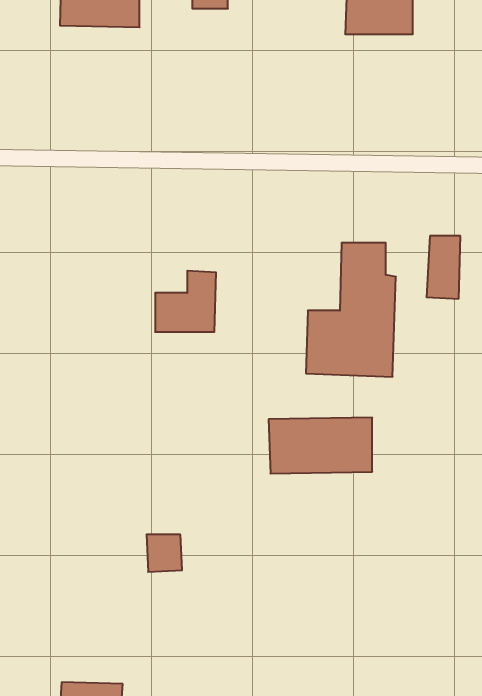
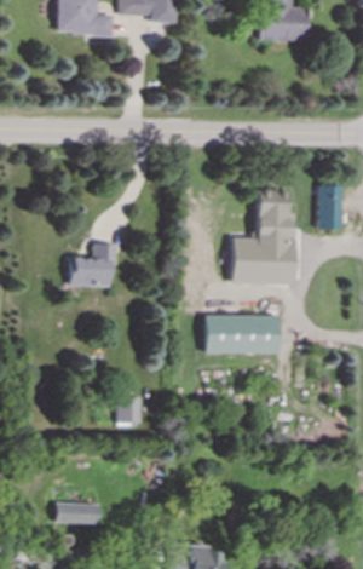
building: [155,271,216,332] -> [70,242,114,286]

